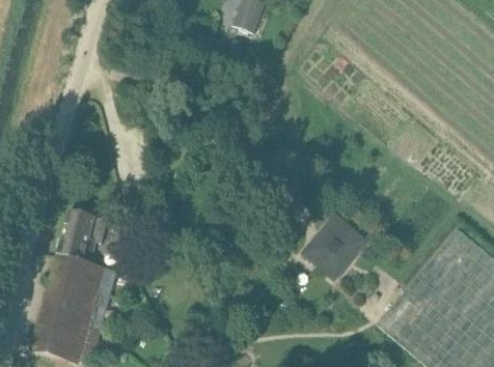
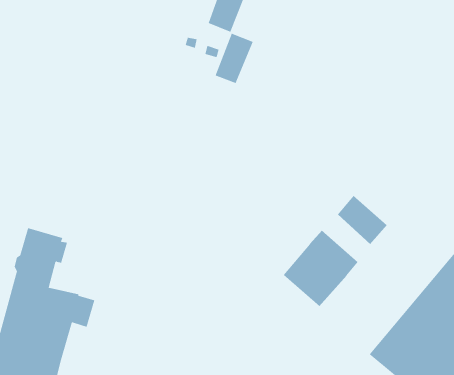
building: none -> [215,33,253,84]
building: none -> [337,195,388,245]

